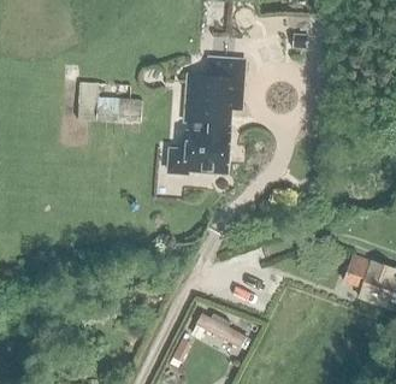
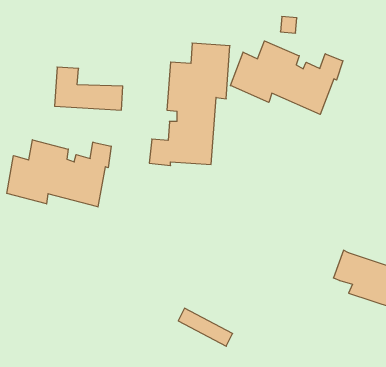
building: none -> [230,41,343,114]
building: none -> [7,140,111,207]

